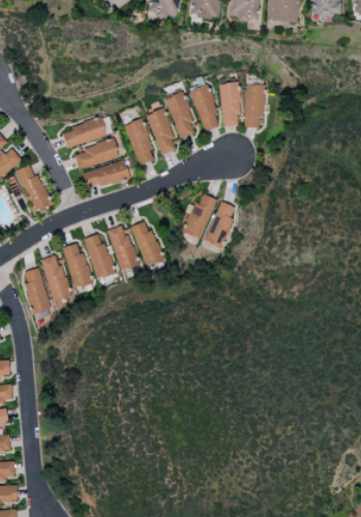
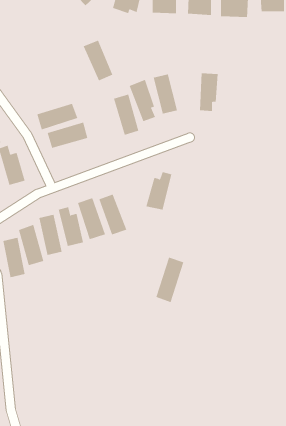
building: [220,82,241,126] -> none
building: [123,118,157,164] -> [83,40,113,81]
building: [83,161,130,189] -> none
building: [205,201,237,252] -> [156,257,184,303]

